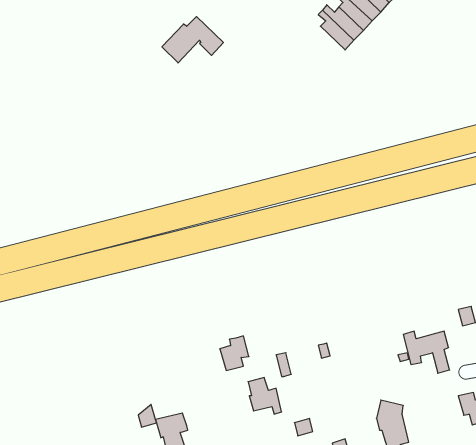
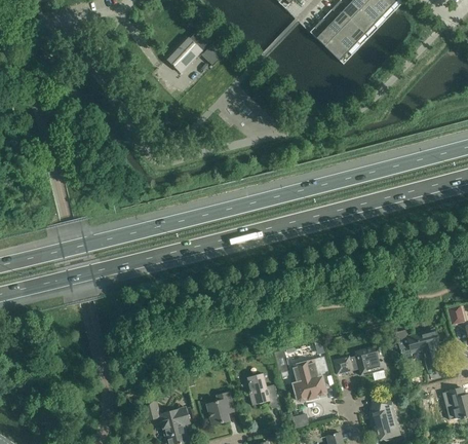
building: [220,336,249,370] -> [206,392,234,424]
building: none -> [333,344,386,375]
building: none -> [290,357,327,401]

